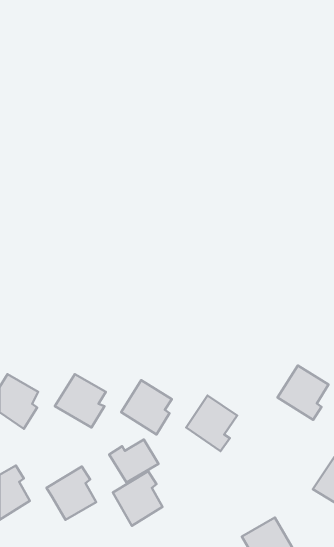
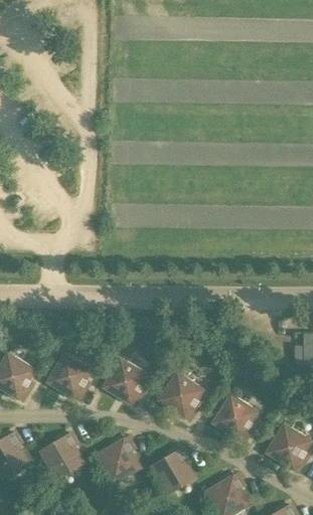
building: [278,365,329,420] -> [213,395,257,442]
building: [109,440,158,483] -> none
building: none -> [151,447,194,493]

